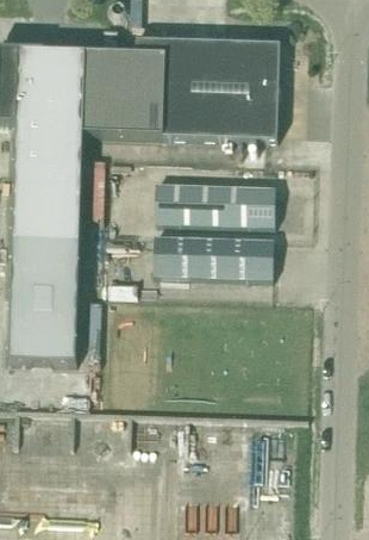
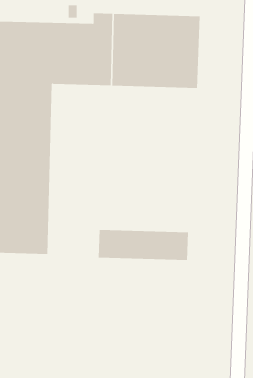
building: [156,184,277,226] -> none
building: [155,235,276,277] -> [98,229,189,261]

